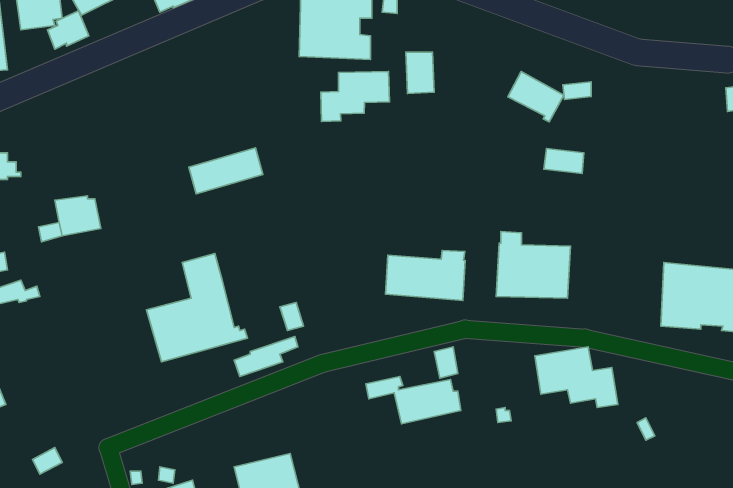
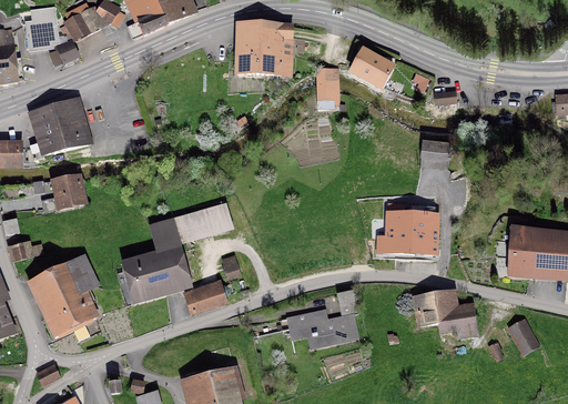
building: [321,71,390,122] -> none
building: [508,72,564,122] -> [351,50,393,88]
building: none -> [29,99,88,160]
building: [189,148,263,194] -> [173,205,229,240]
building: [386,250,465,301] -> none
building: none -> [28,255,97,336]
building: none -> [508,320,537,353]

